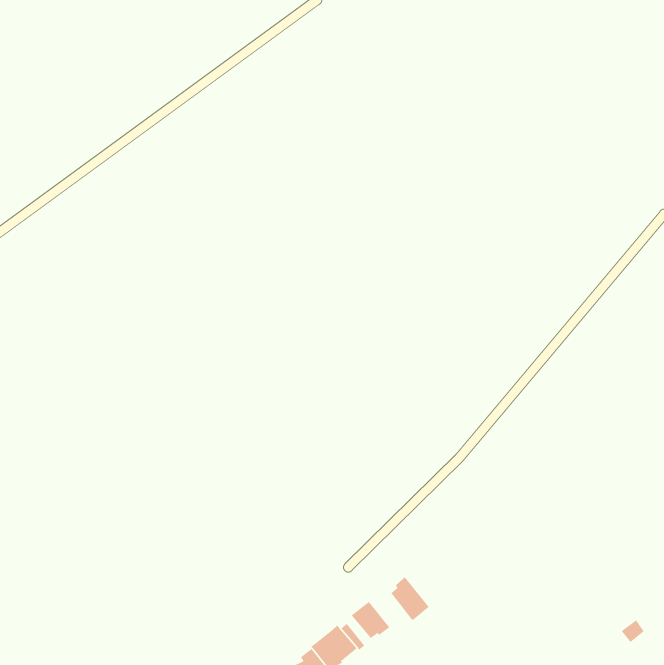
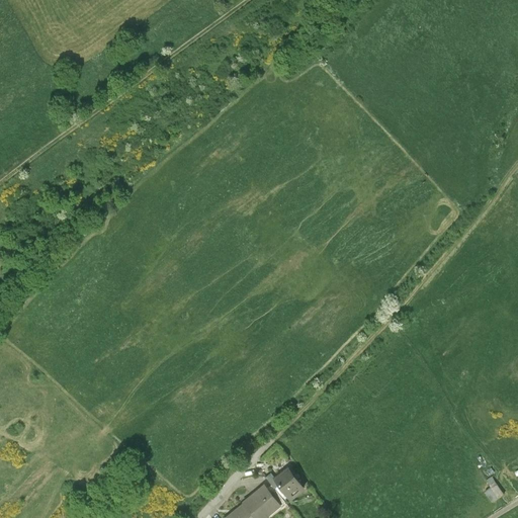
building: [390,577,430,621] -> none

